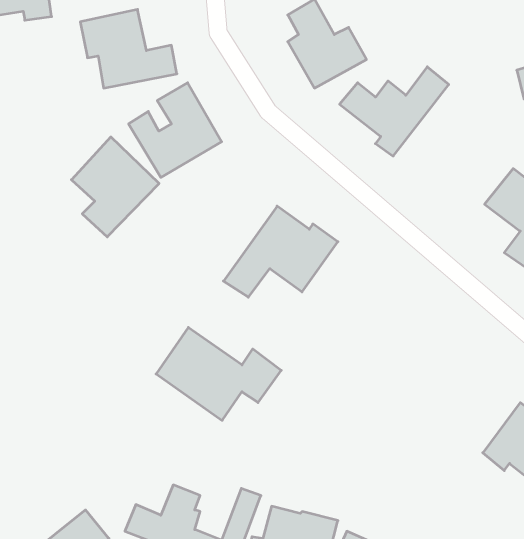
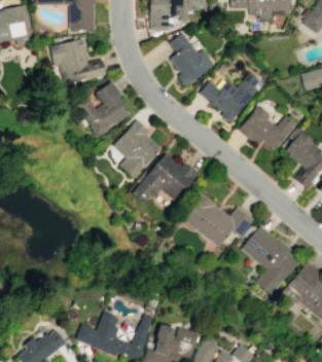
building: none -> [239,107,296,150]
building: [71,137,159,237] -> [113,121,164,179]
building: [156,327,281,420] -> [182,194,254,248]
building: none -> [242,225,299,296]

